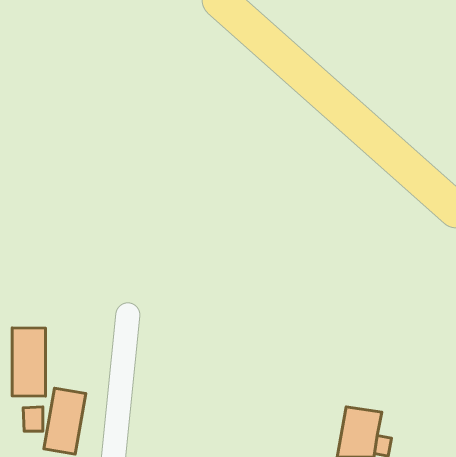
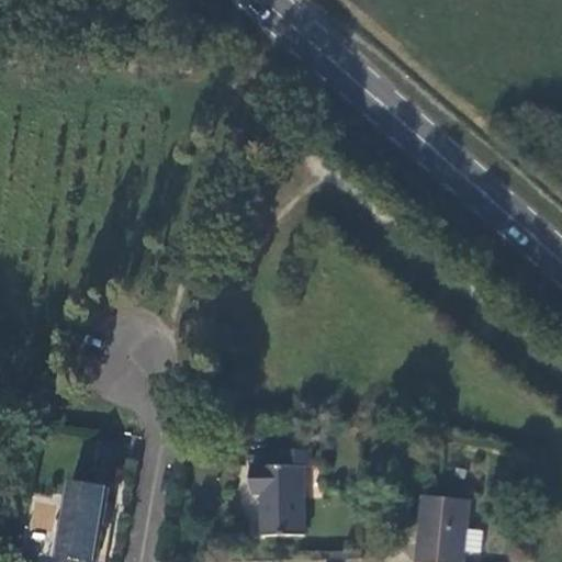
building: [12,328,46,396] -> none
building: none -> [247,450,307,533]

